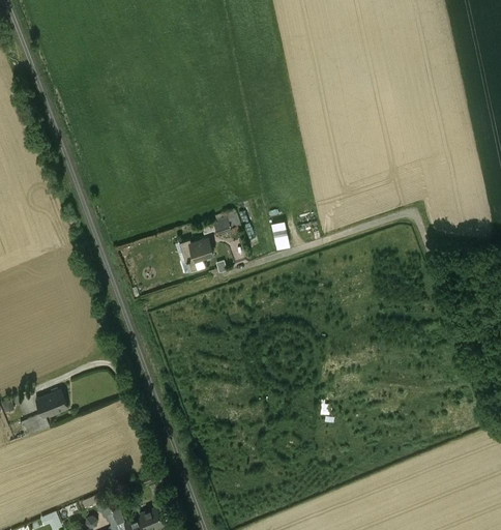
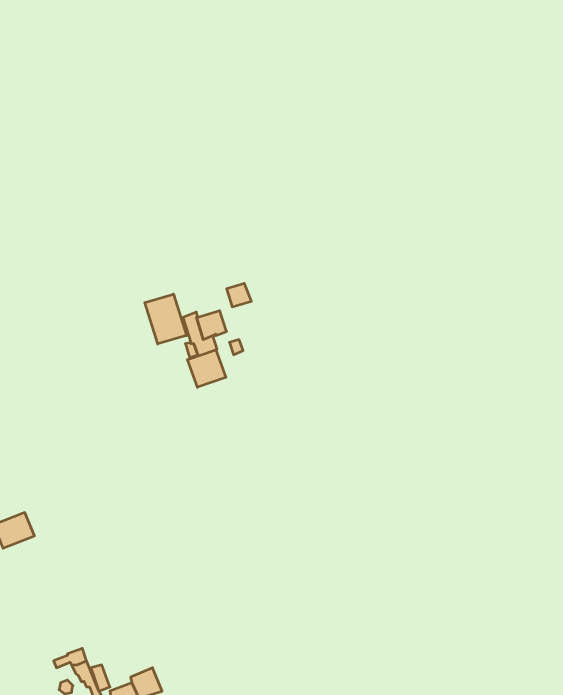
building: none -> [145,294,186,344]
building: none -> [187,350,226,387]

